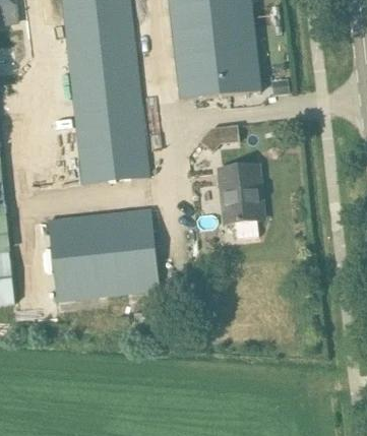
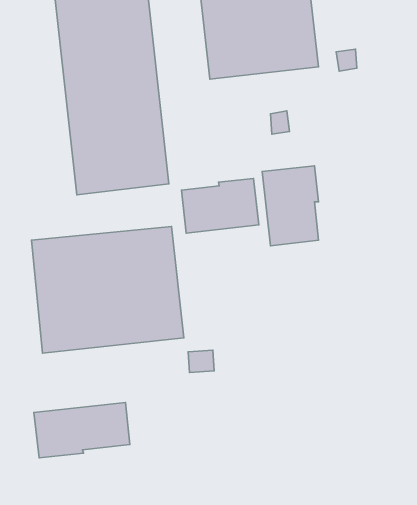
building: none -> [182,178,259,233]
building: none -> [34,403,130,458]

